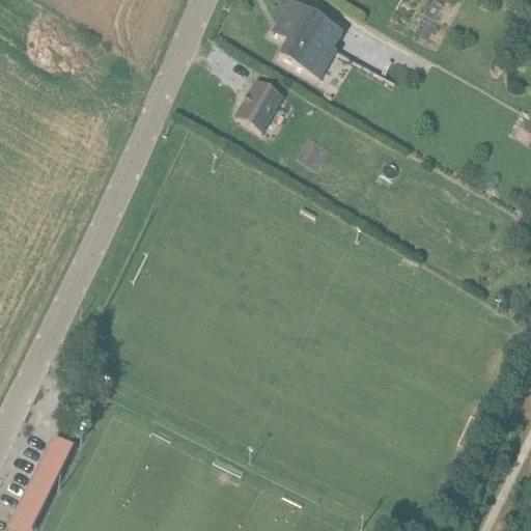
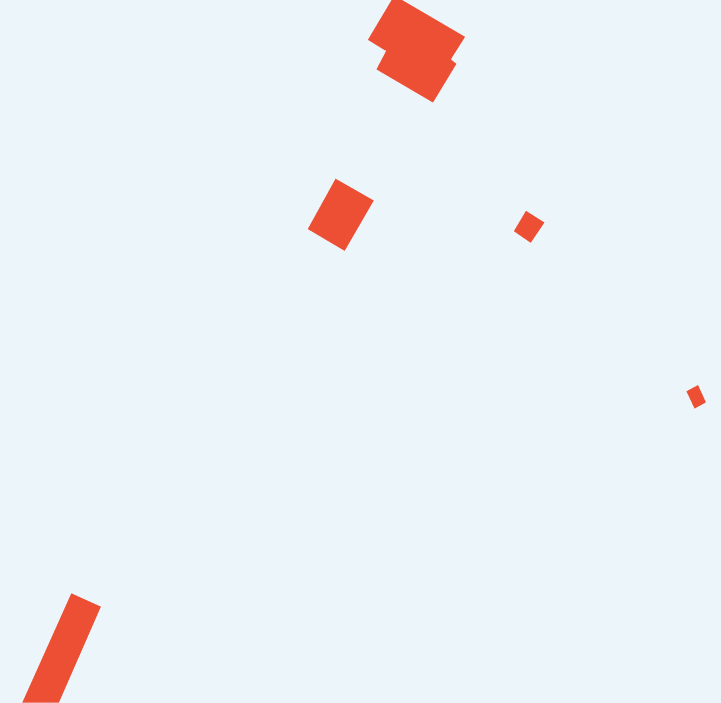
building: [234,77,284,131] -> [307,178,375,252]

